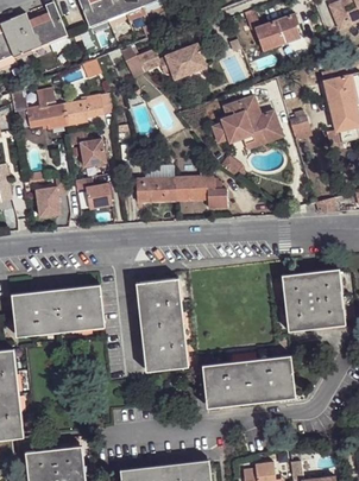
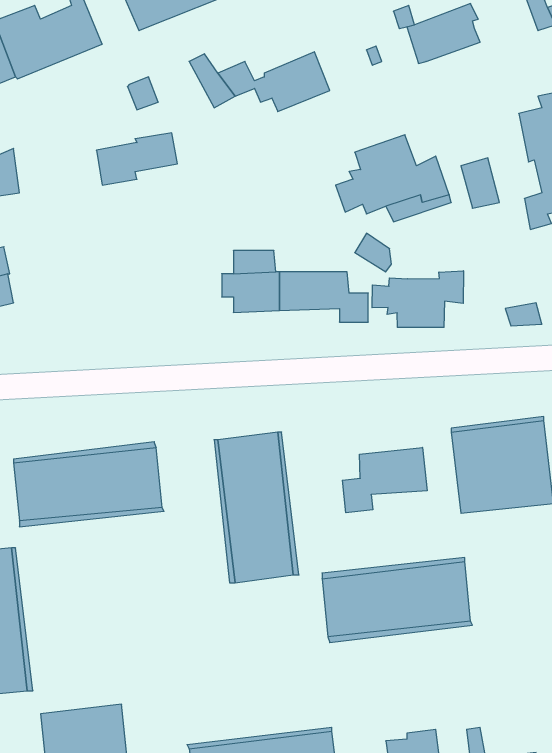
building: [11,88,65,129] -> none
building: [68,133,103,169] -> none
building: [36,178,68,217] -> none
building: [75,178,111,210] -> none
building: none -> [372,271,463,327]
building: none -> [342,447,427,513]

